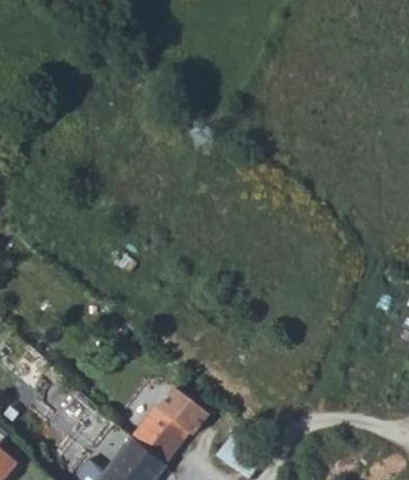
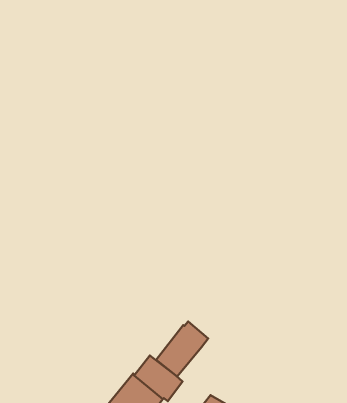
building: none -> [156,321,208,377]

